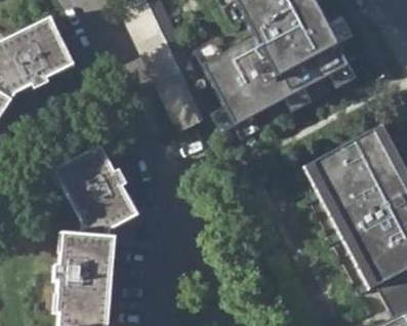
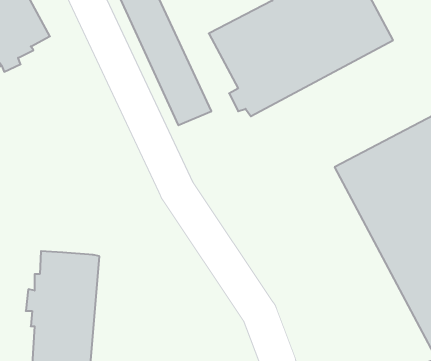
building: [59,145,134,236] -> none

